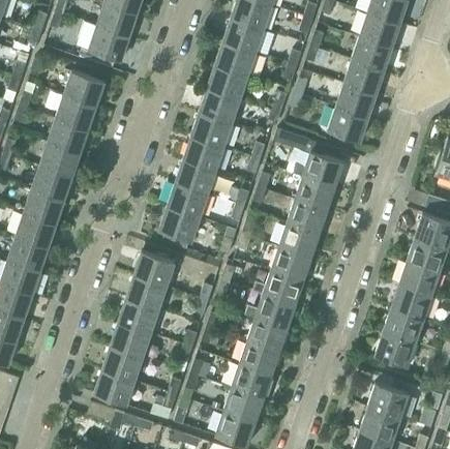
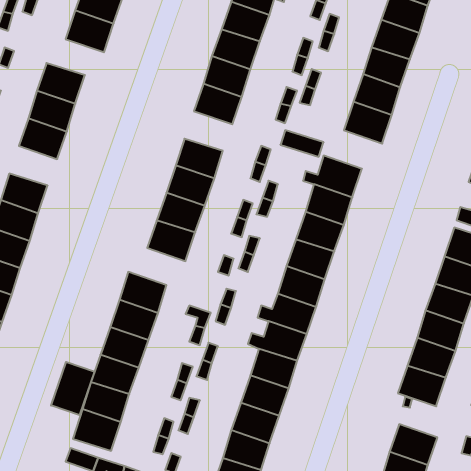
building: [190,113,232,147] -> none
building: [39,143,81,177] -> none
building: none -> [51,362,95,415]

